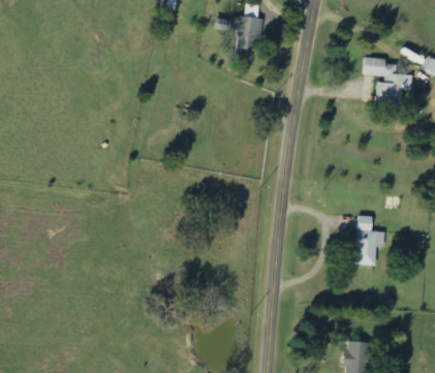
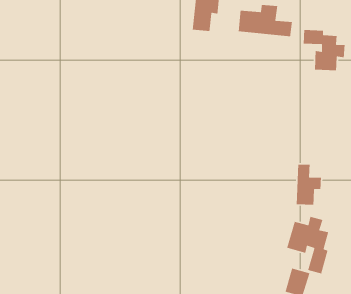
building: none -> [238,4,293,37]
building: none -> [286,216,329,275]

